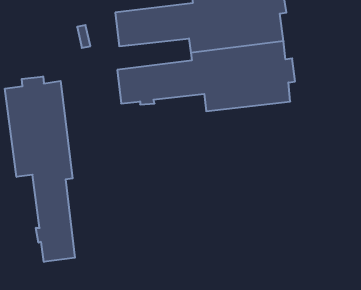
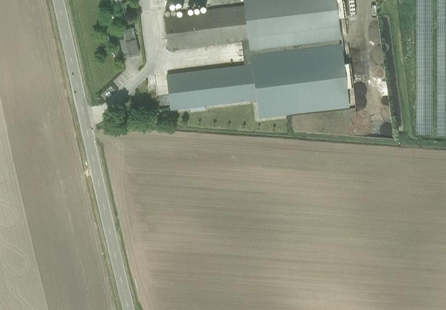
building: [5,76,75,262] -> none

